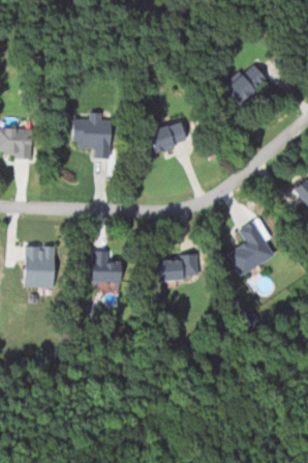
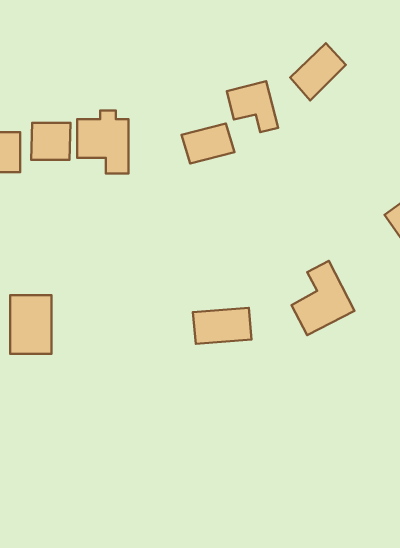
building: none -> [227,81,278,132]
building: none -> [31,123,70,160]
building: [93,251,121,283] -> none

